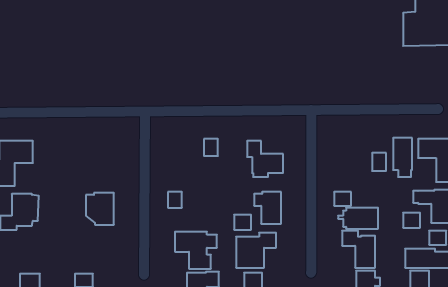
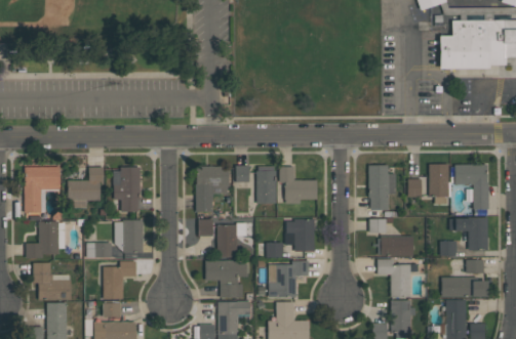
building: none -> [368,165,396,210]
building: none -> [196,166,230,212]
building: none -> [256,166,277,204]
building: none -> [68,167,105,208]
building: none -> [114,167,141,211]
building: none -> [217,224,237,258]
building: none -> [87,243,112,258]
building: none -> [104,261,137,299]
building: none -> [34,262,72,300]

